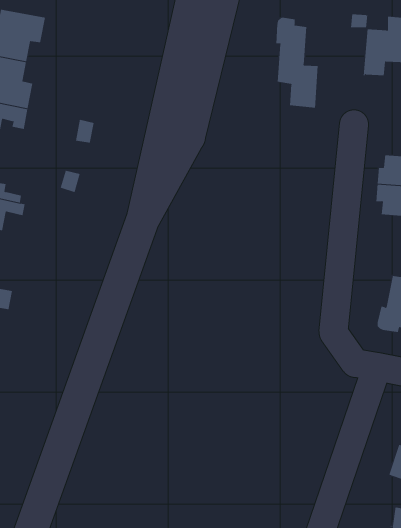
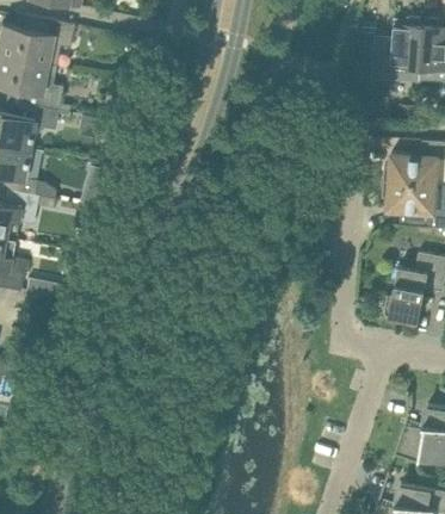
building: [276,17,318,108] -> none

